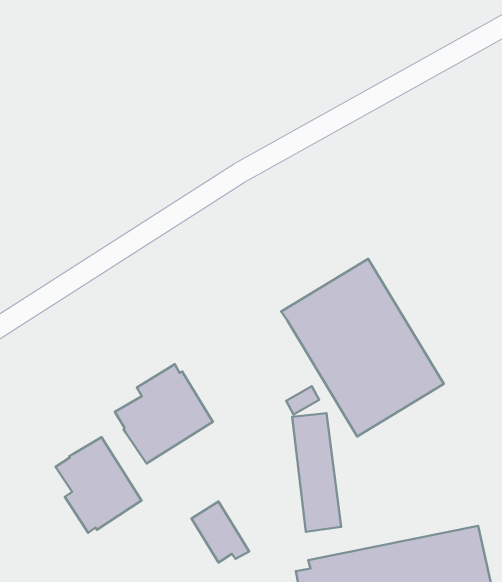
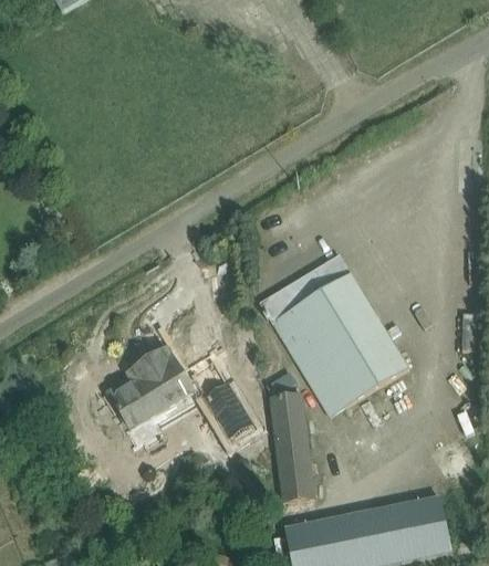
building: [56,437,142,533] -> none
building: [192,501,249,563] -> [204,382,256,438]

